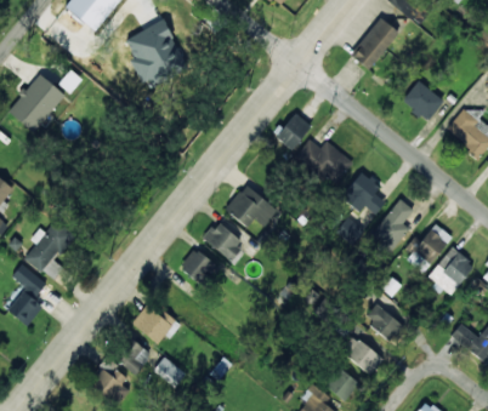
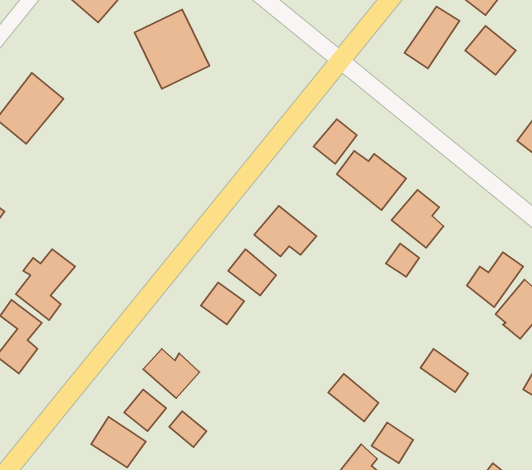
building: [402,80,444,121] -> [465,26,516,75]
building: [373,198,414,250] -> none
building: [341,335,384,375] -> [328,374,379,422]

